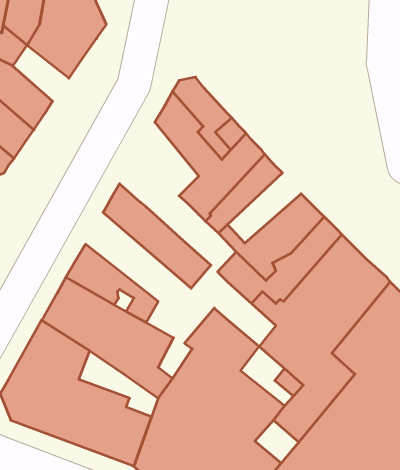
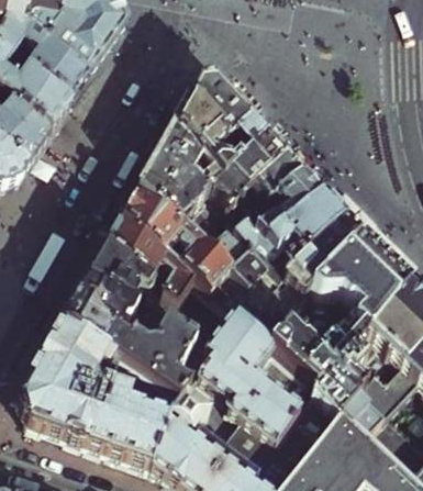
building: none -> [30,46,86,102]
building: none -> [136,123,215,227]
building: none -> [244,174,318,244]
building: none -> [102,213,231,344]
building: none -> [197,215,253,272]
building: none -> [232,282,292,347]

